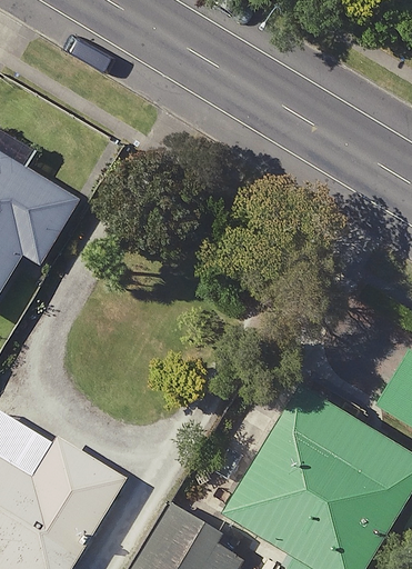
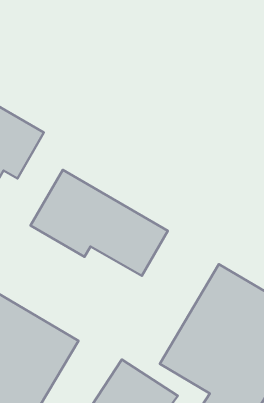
building: none -> [31,170,168,276]

